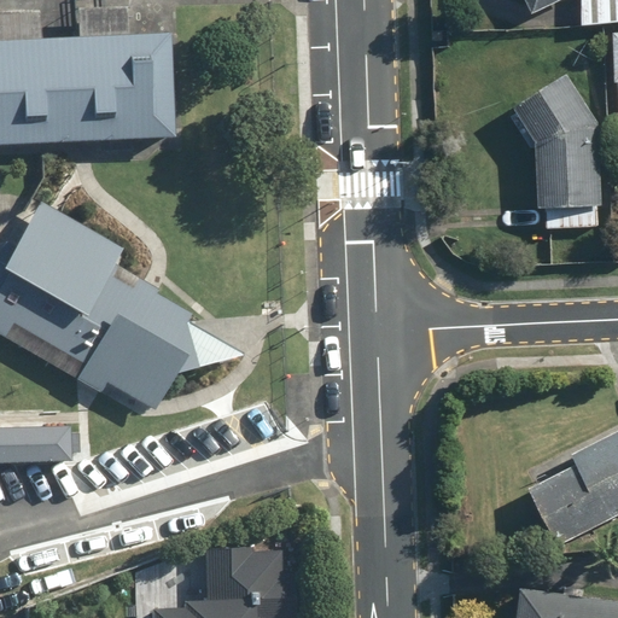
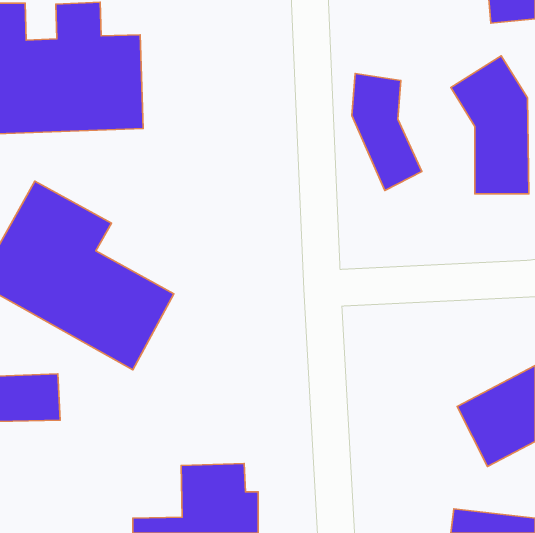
building: none -> [352,74,422,190]

